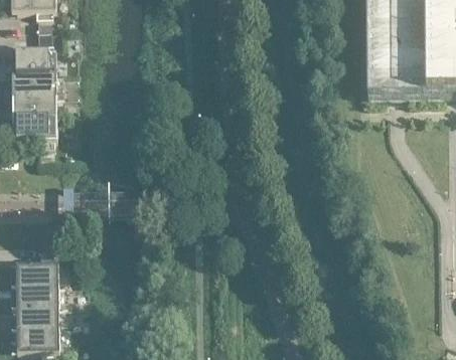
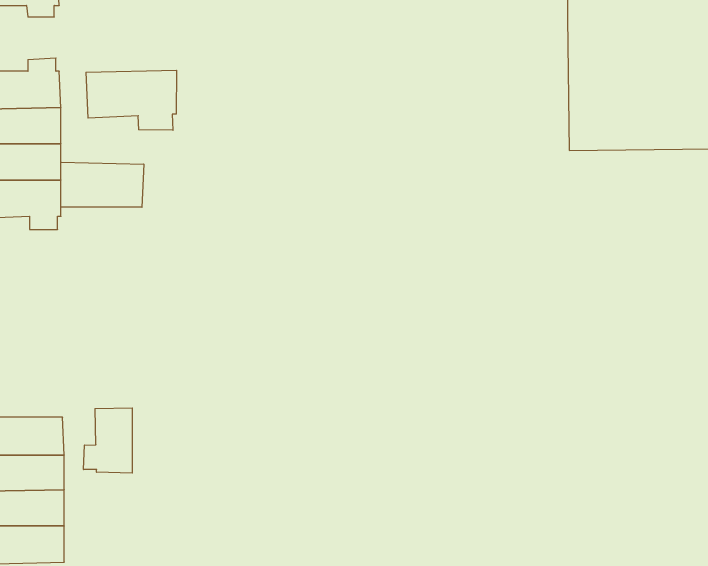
building: none -> [86,70,176,130]
building: none -> [61,162,144,207]
building: none -> [84,408,132,473]

